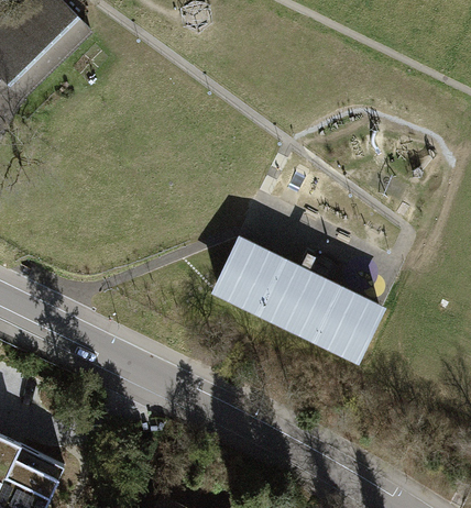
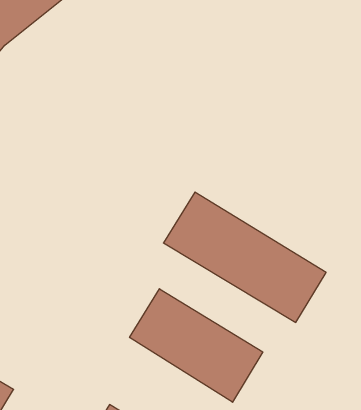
building: none -> [130,289,263,402]

